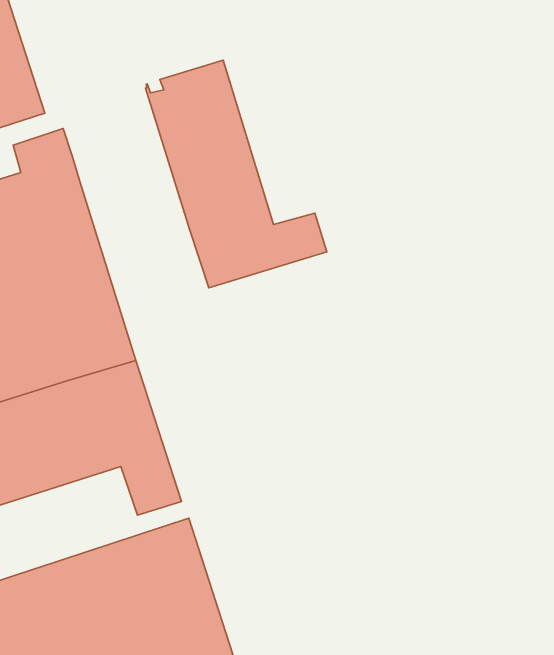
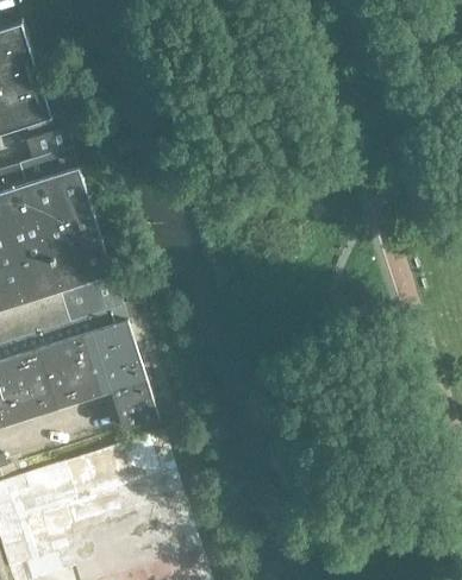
building: [146,60,327,288] -> none

